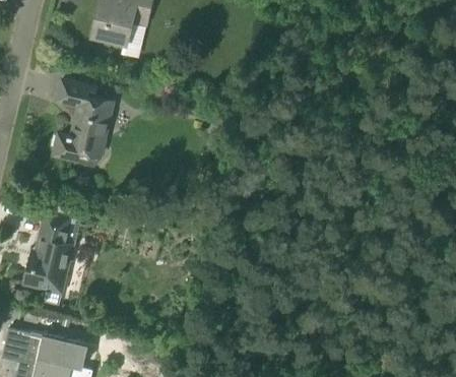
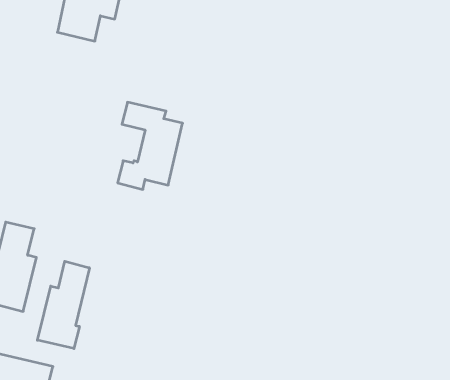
building: [53,81,113,162] -> [118,102,183,189]
building: none -> [37,261,89,349]

